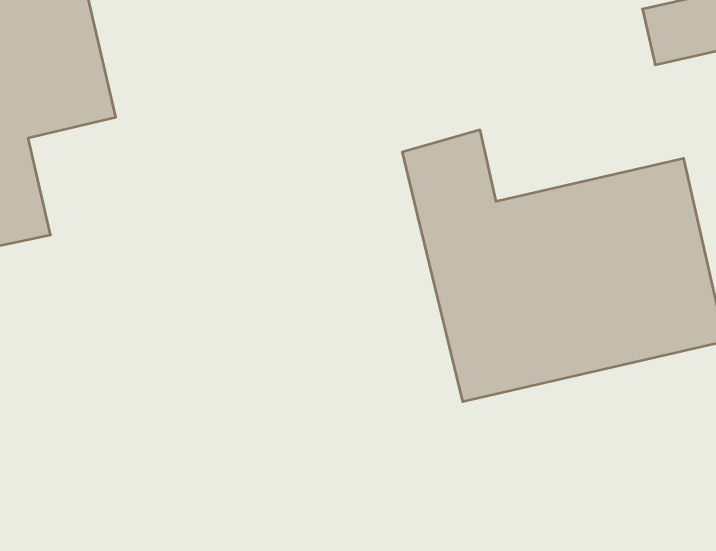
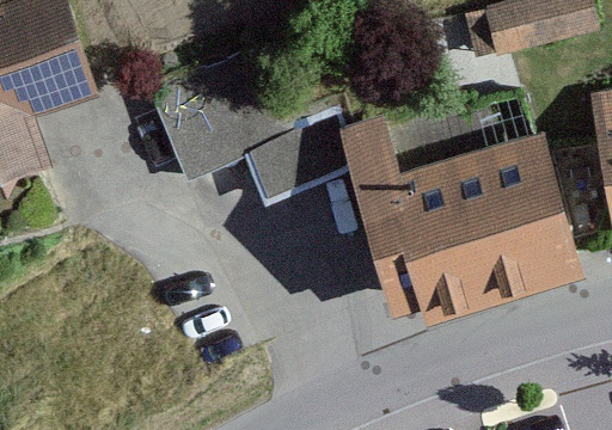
building: none -> [151,56,339,196]

